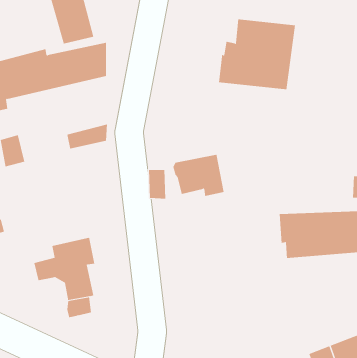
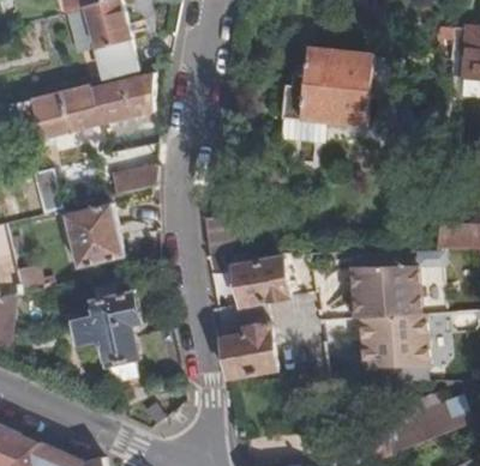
building: [173,154,225,196] -> [229,259,288,307]
building: none -> [64,204,125,266]
building: none -> [360,313,431,367]
building: none -> [217,323,272,377]

